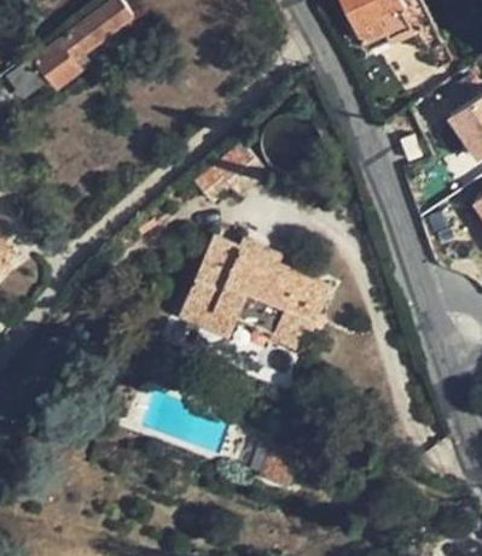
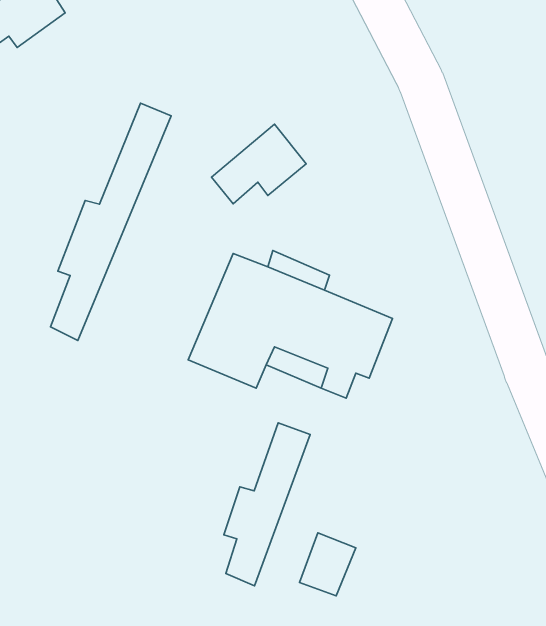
building: none -> [51,103,171,341]
building: none -> [224,423,310,586]

